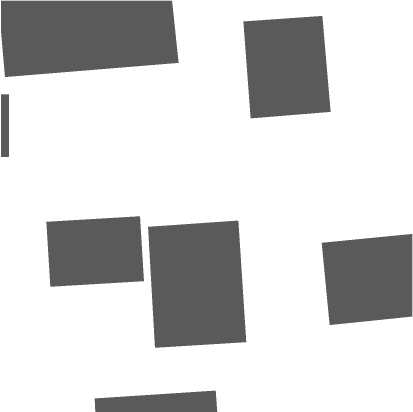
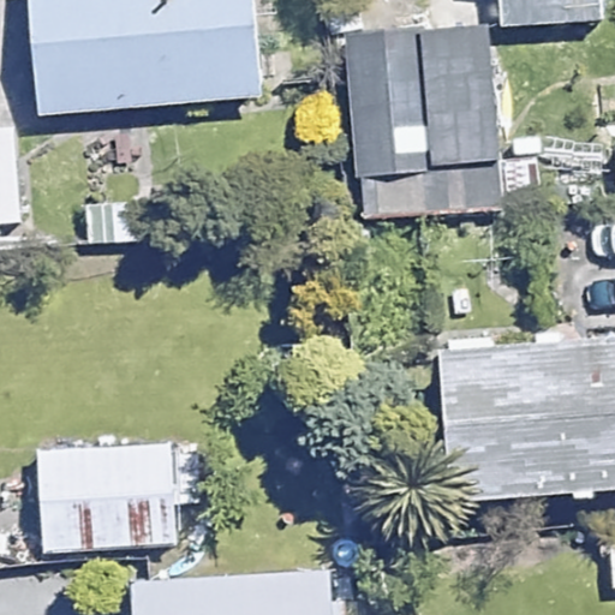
building: [46,216,145,287] -> [32,440,180,545]
building: [148,220,247,348] -> none

